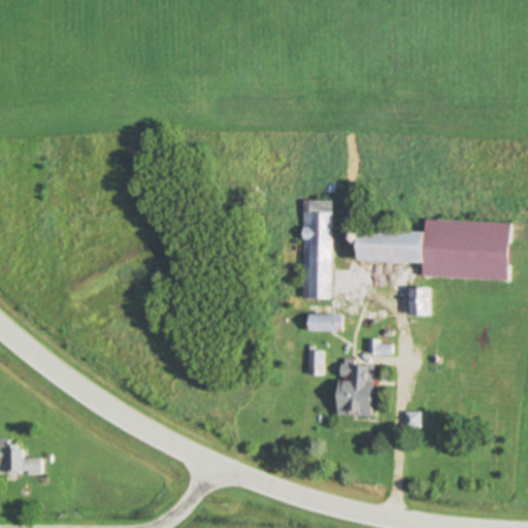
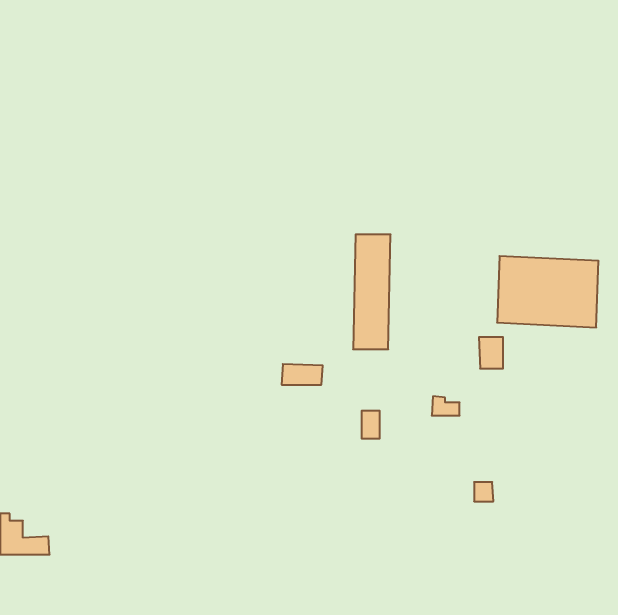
building: [357,230,423,262] -> none
building: [307,314,342,331] -> [282,364,323,385]
building: [336,358,374,417] -> none

